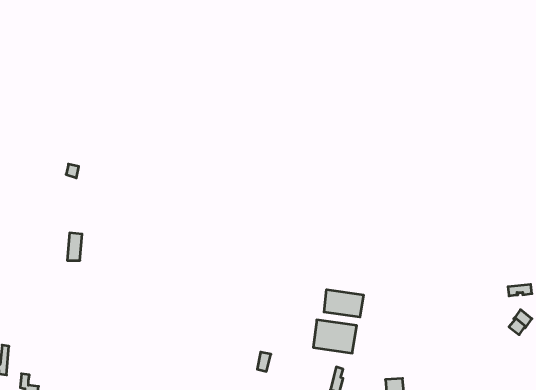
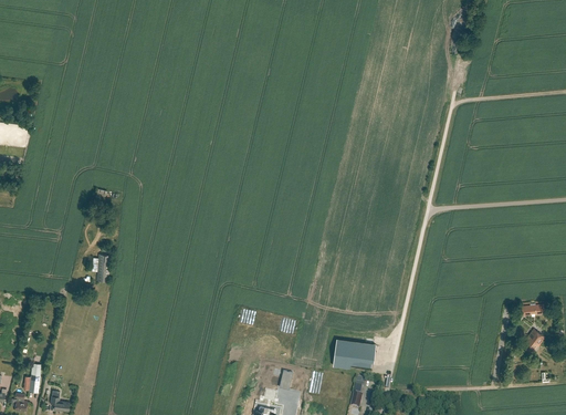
building: [324,290,363,317] -> none

